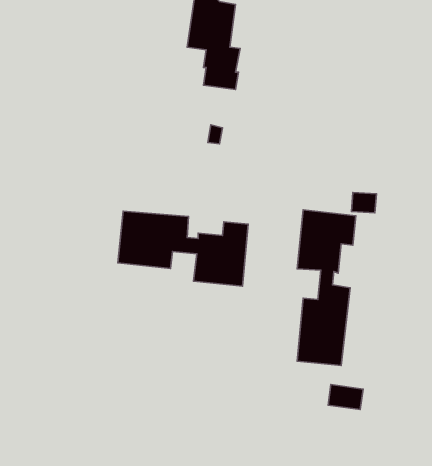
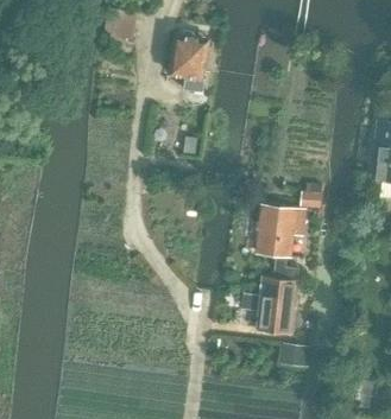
building: [118,211,248,286] -> none

